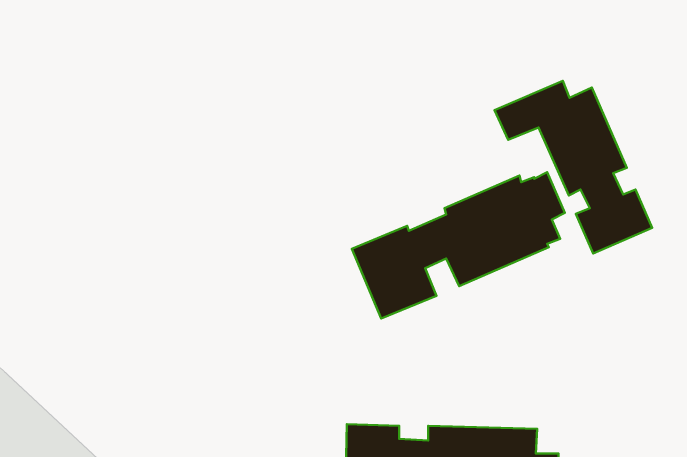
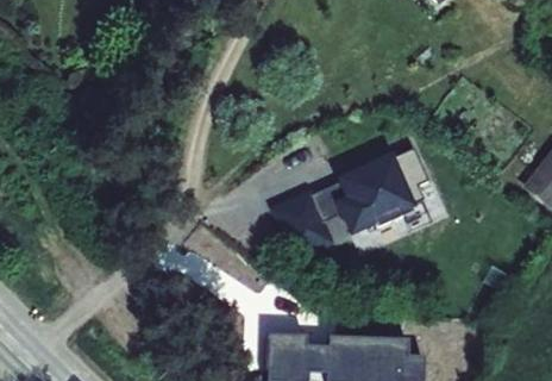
building: [495,81,652,253] -> none

